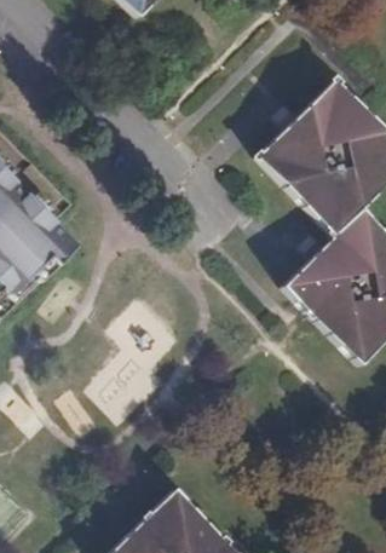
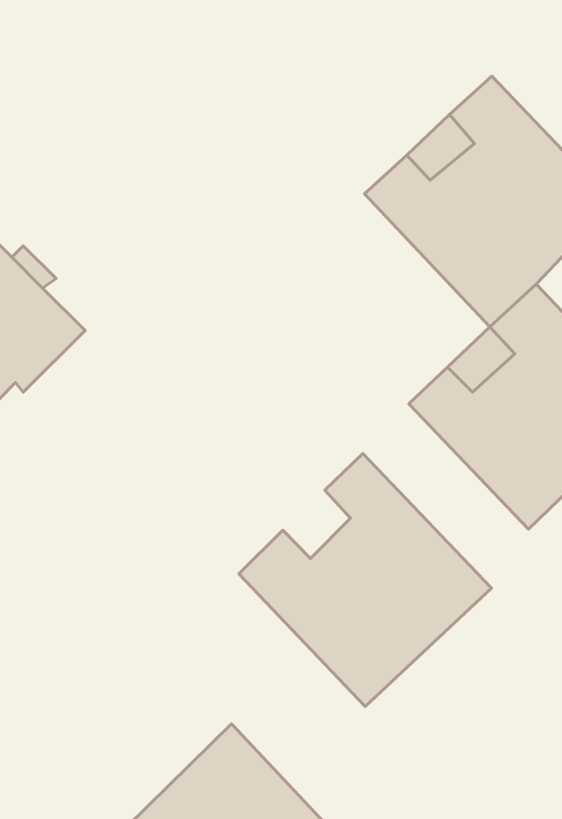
building: none -> [239,454,491,706]

